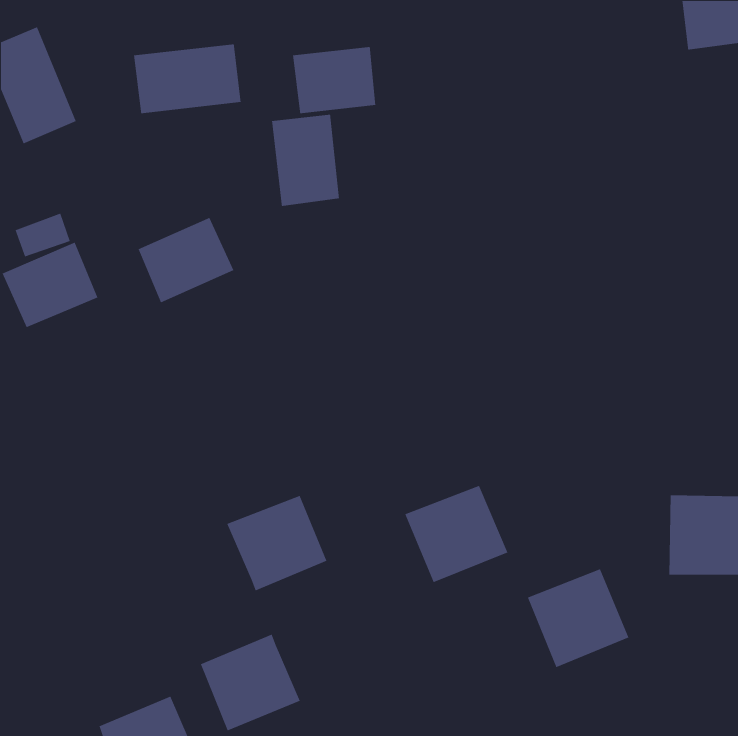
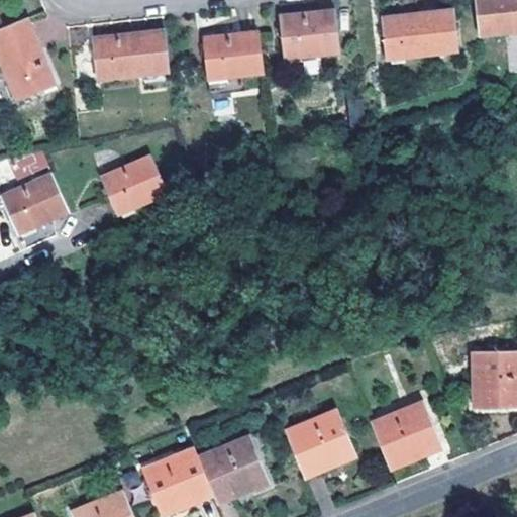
building: none -> [383,12,459,62]
building: none -> [282,13,340,61]
building: [271,114,340,207] -> none
building: [404,485,508,583] -> [282,408,354,477]
building: [226,495,328,592] -> [194,432,265,500]

